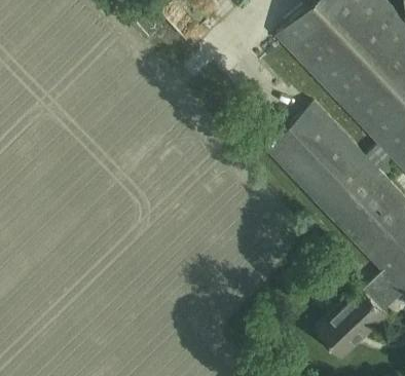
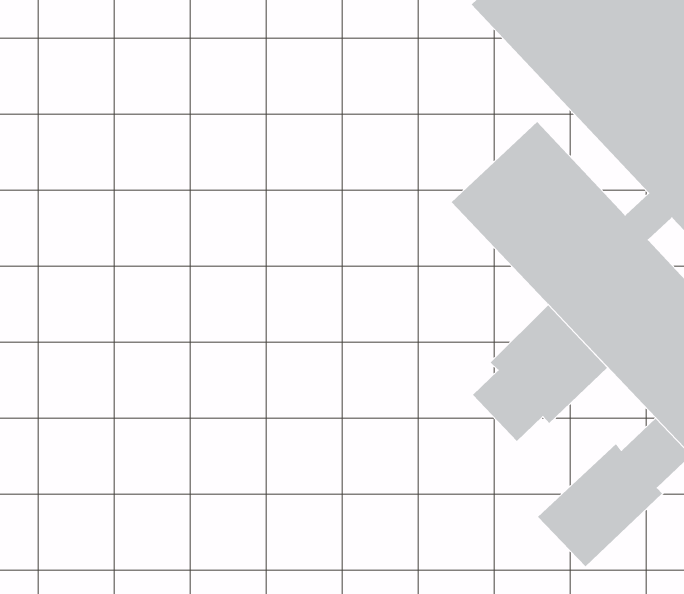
building: none -> [472,305,608,442]

